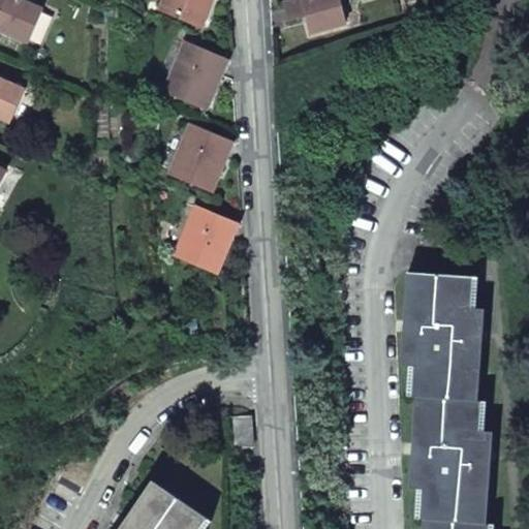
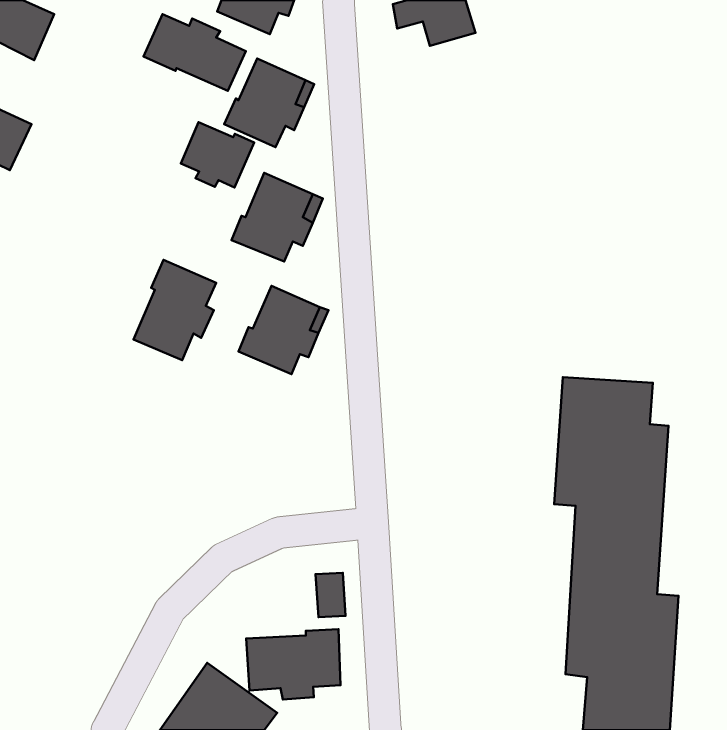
building: none -> [144,14,246,91]
building: none -> [181,122,254,187]
building: none -> [134,260,216,360]
building: none -> [246,629,340,699]

